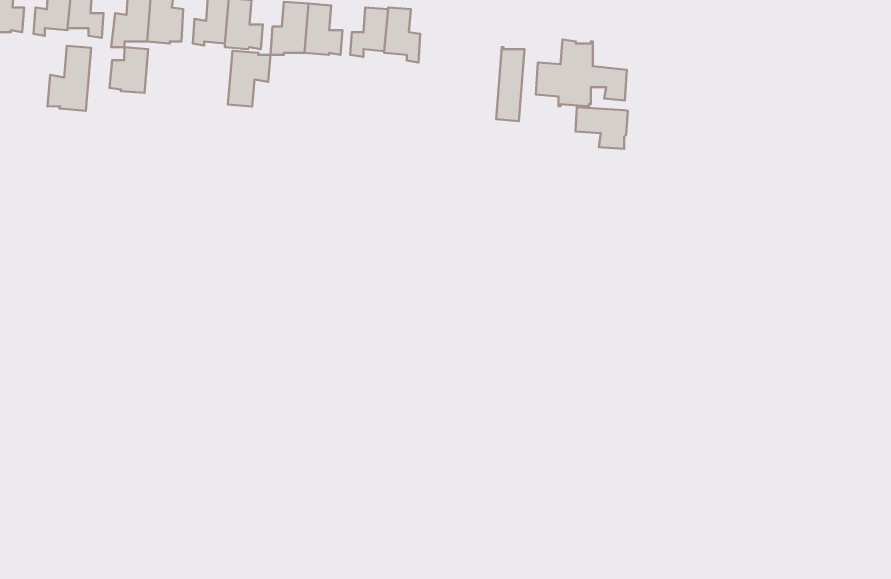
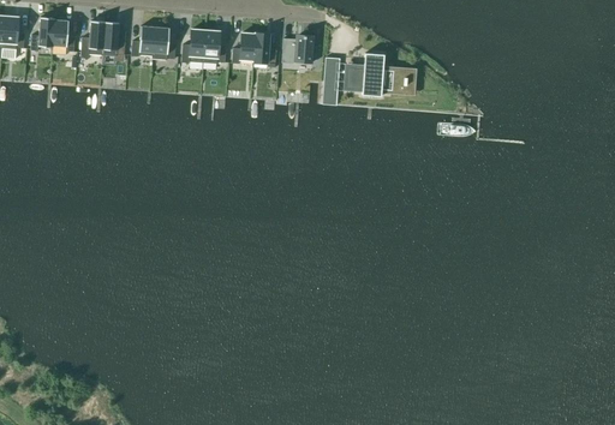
building: none -> [279,35,315,62]
building: [47,46,91,111] -> none
building: [109,47,148,93] -> none
building: [228,51,270,106] -> none
building: [575,107,628,149] -> none

